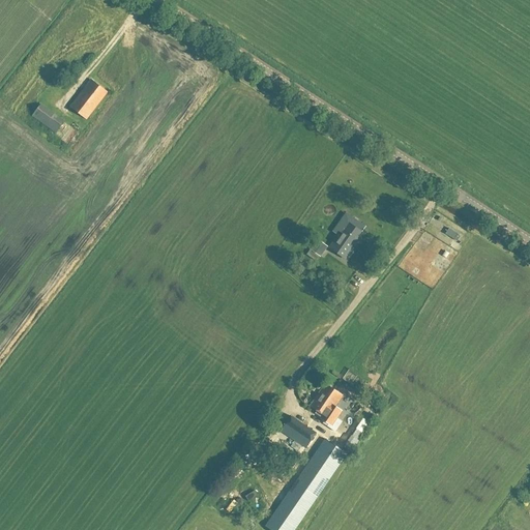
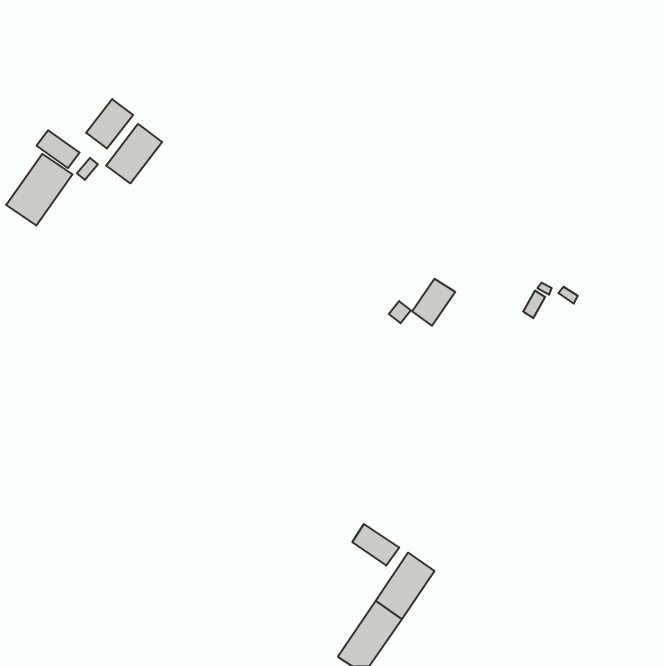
building: none -> [106,124,162,183]
building: none -> [6,154,73,226]
building: [308,383,341,425] -> none

